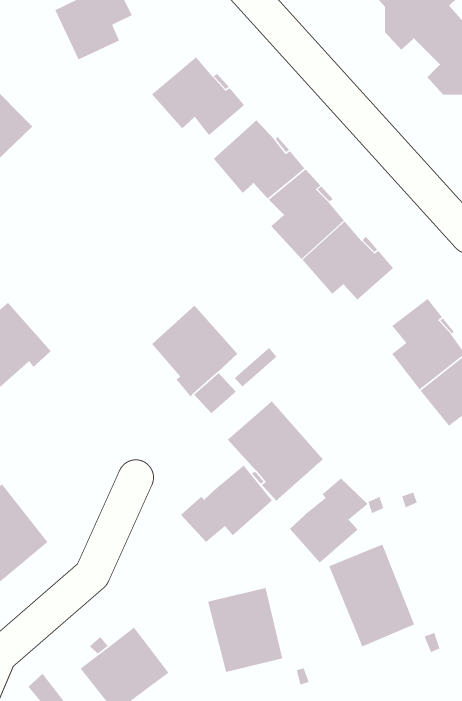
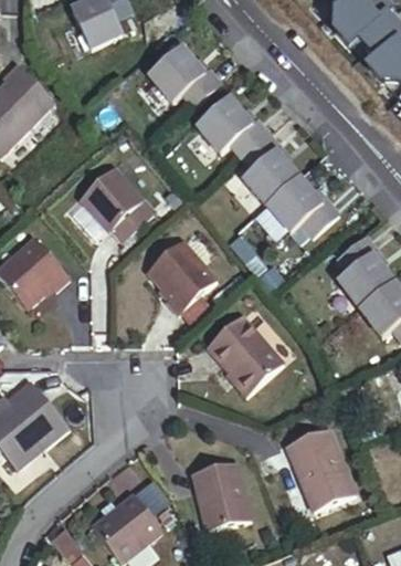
building: none -> [78,167,155,240]
building: [180,465,273,543] -> none
building: [289,477,368,563] -> none

